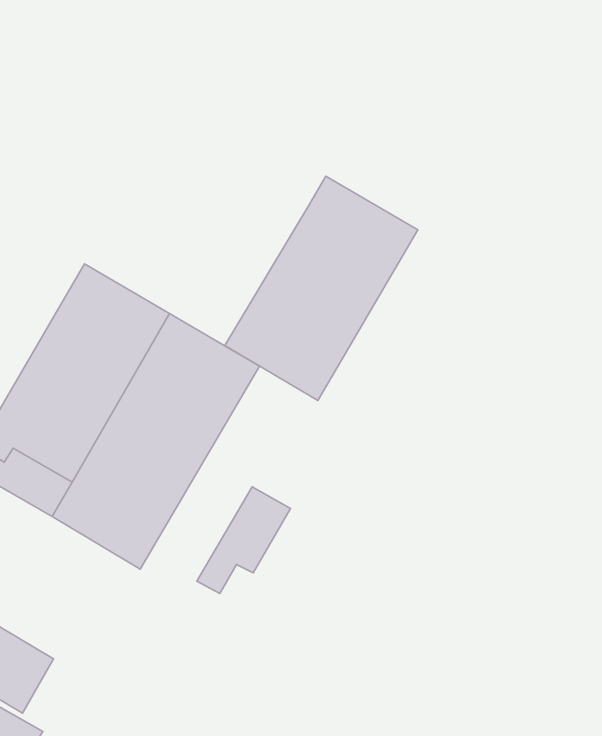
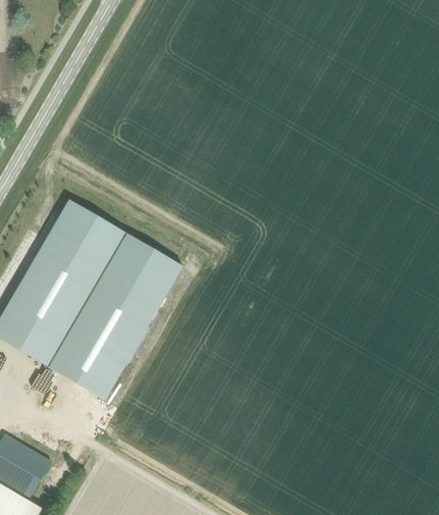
building: [225,176,418,400] -> none
building: [197,487,290,594] -> none

